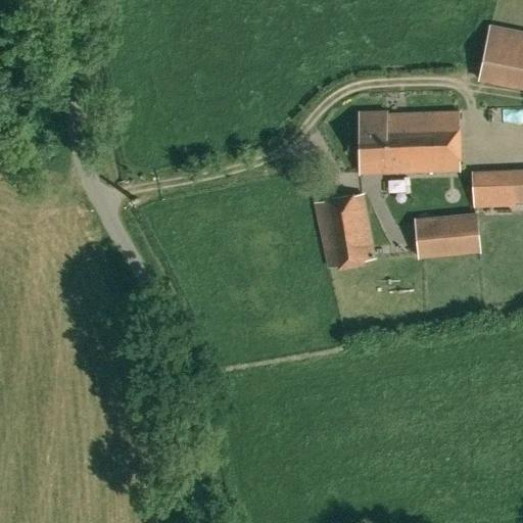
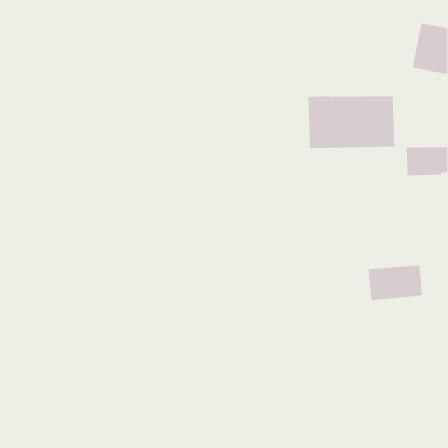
building: [315,195,374,267] -> none
building: [415,215,479,256] -> [367,265,423,301]

